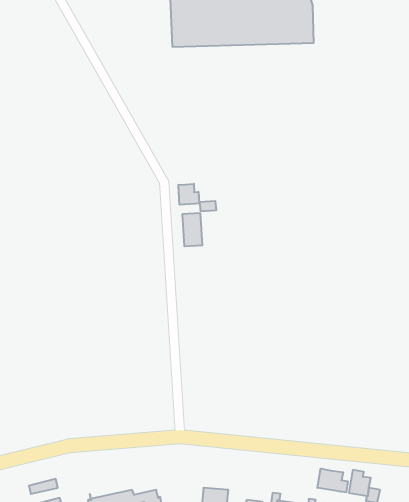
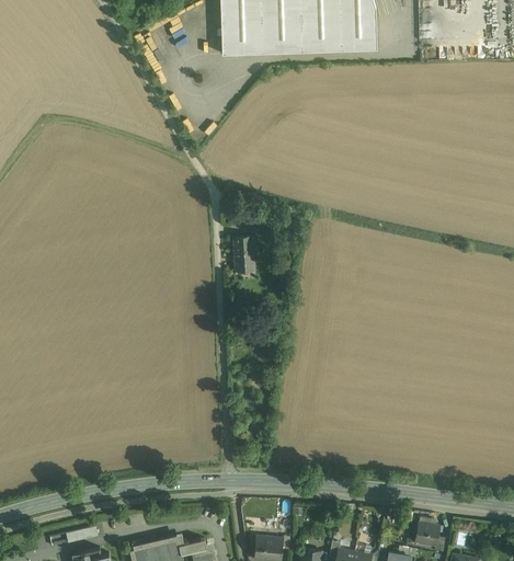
building: [178,184,199,205] -> none
building: [317,469,348,492] -> none

